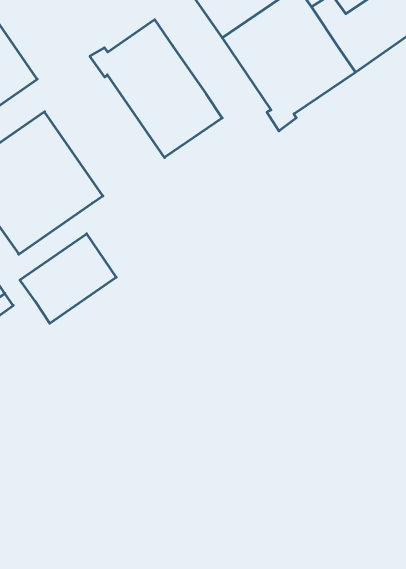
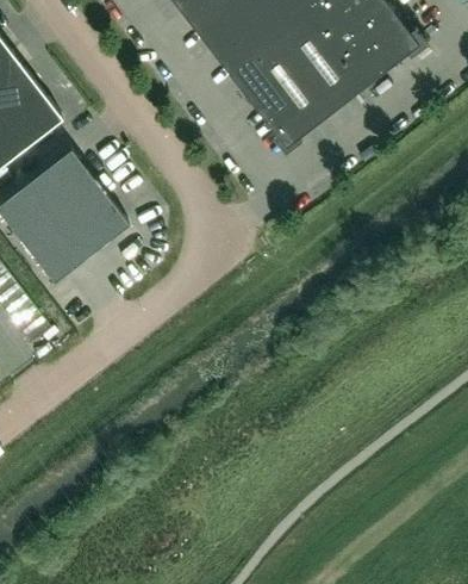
building: [90,20,222,158] -> none
building: [20,234,116,323] -> none

